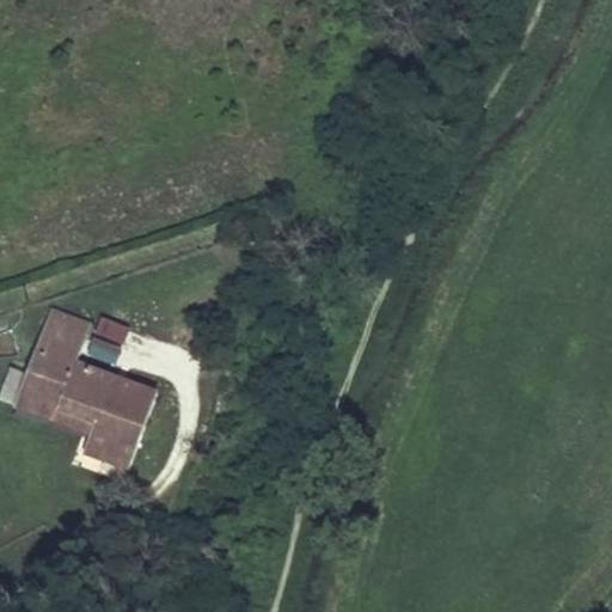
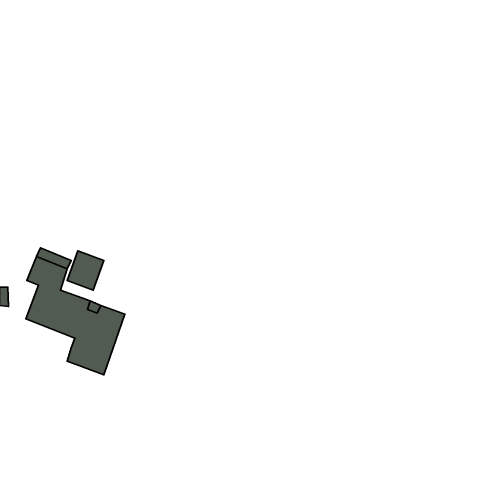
building: [11,349,93,433] -> none

